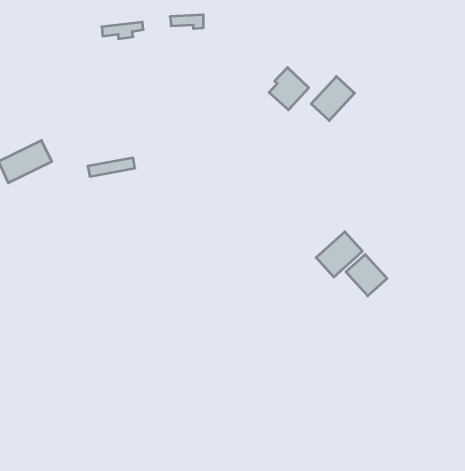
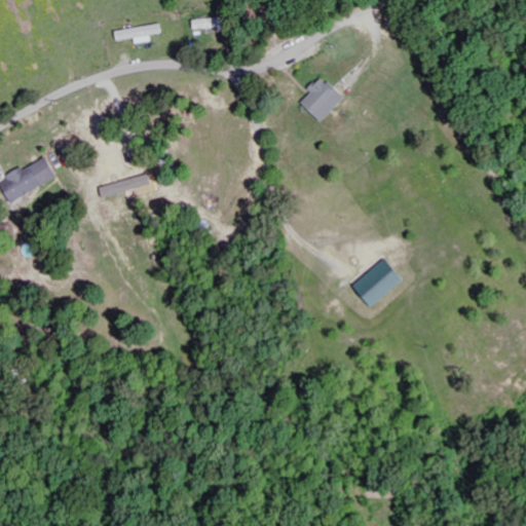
building: [311,76,355,121] -> none
building: [346,254,387,296] -> none

